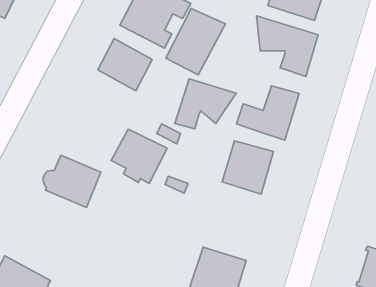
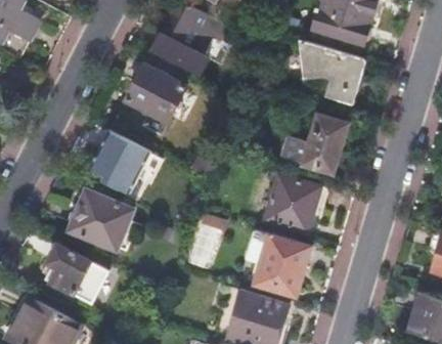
building: [166,9,225,75] -> none
building: [175,79,236,129] -> none
building: [111,129,167,183] -> [91,132,151,190]
building: none -> [254,234,311,295]
building: none -> [48,244,110,304]

